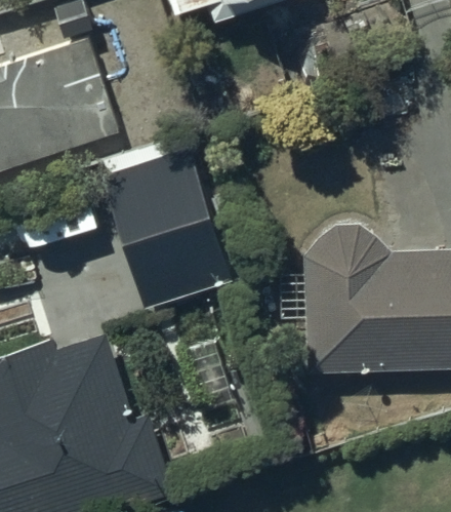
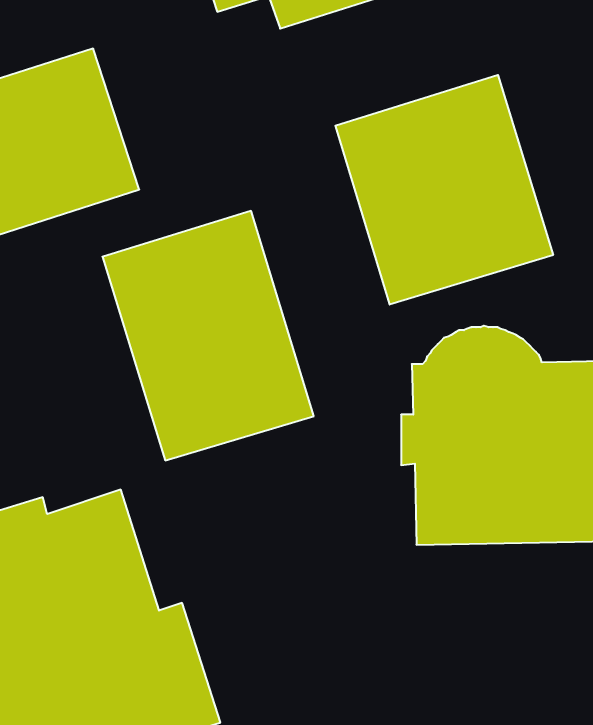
building: none -> [335,75,553,305]

